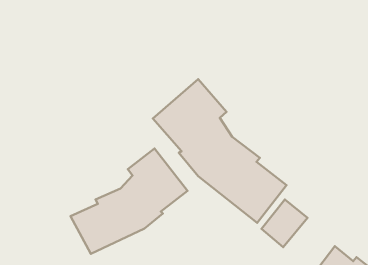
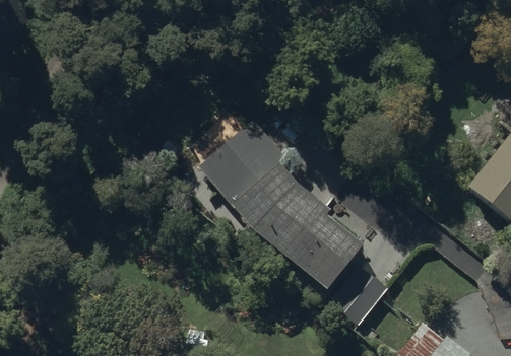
building: [71,149,188,254] -> none

